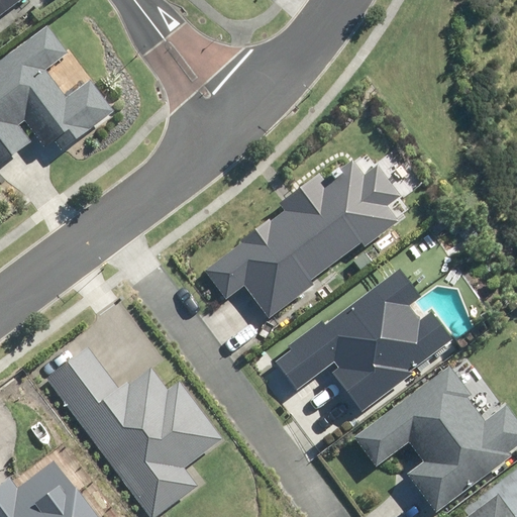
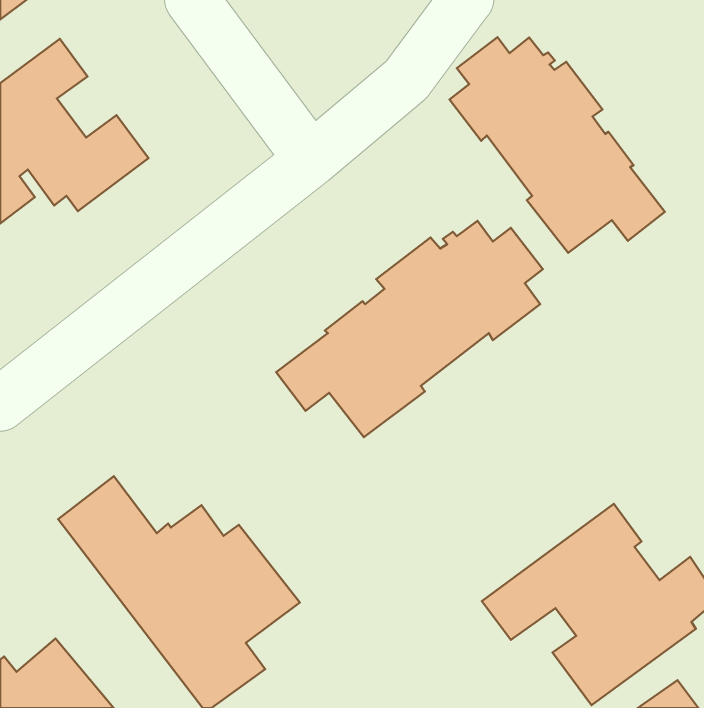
building: none -> [449,37,665,253]
building: [276,270,449,411] -> none

